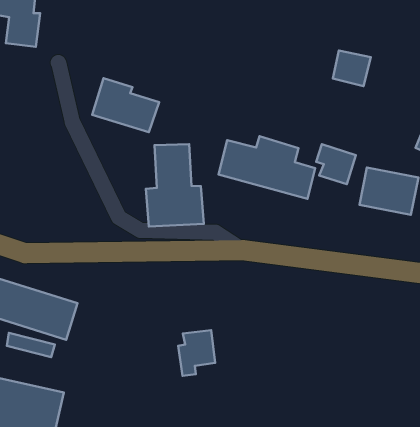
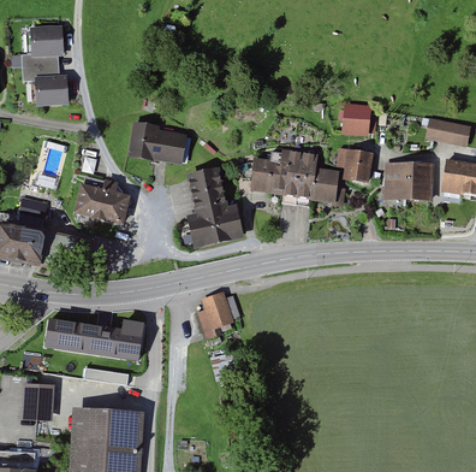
building: [333,50,371,86] -> [344,102,375,131]
building: none -> [75,178,130,224]
building: [178,330,215,376] -> [197,291,233,337]

